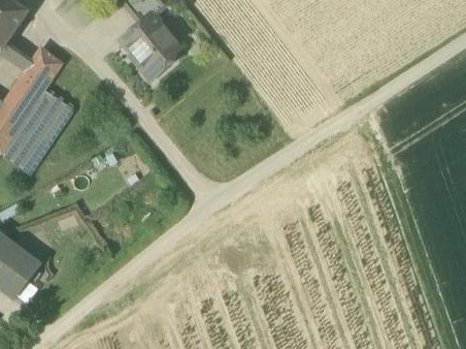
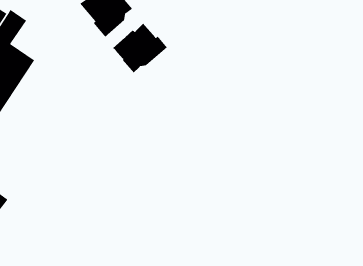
building: none -> [112,23,168,73]

